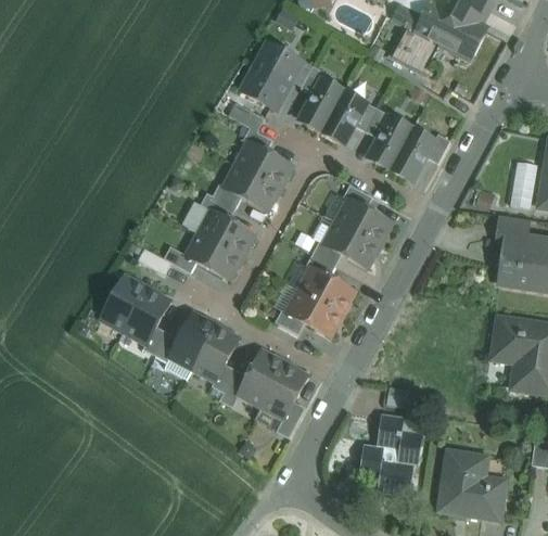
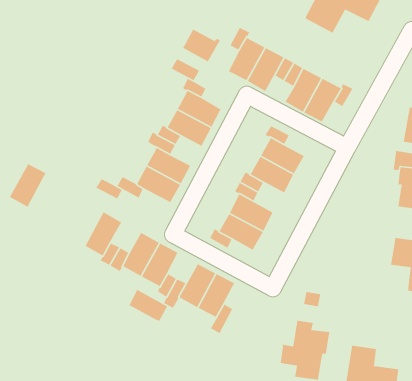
building: [256,43,301,81] -> none
building: [102,277,148,331] -> [9,163,47,208]
building: none -> [128,289,168,322]

